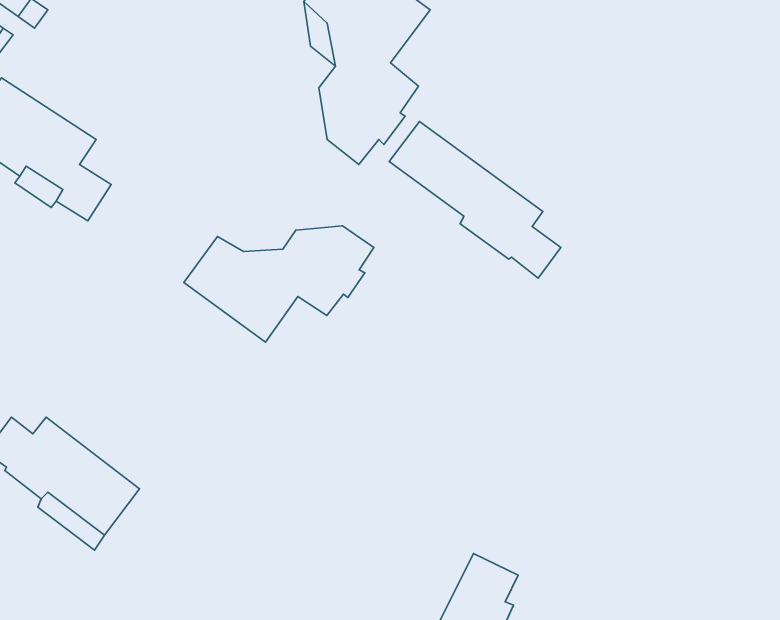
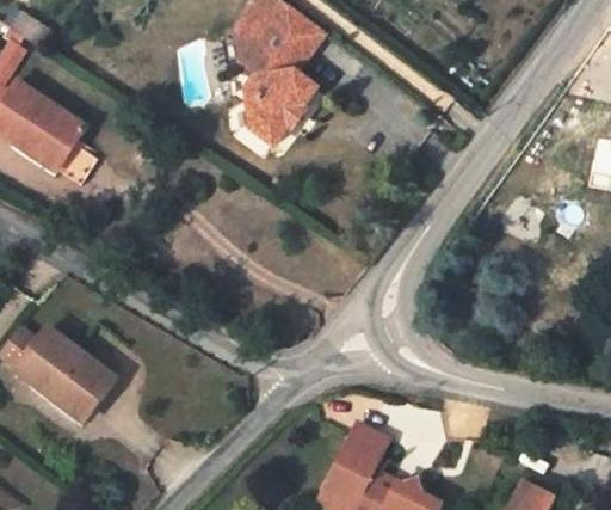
building: [389,121,561,278] -> none
building: [184,226,374,342] -> none

